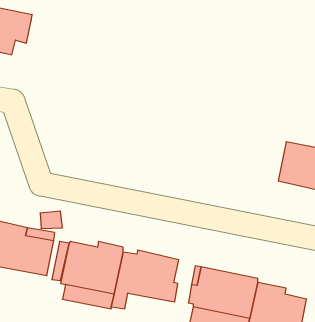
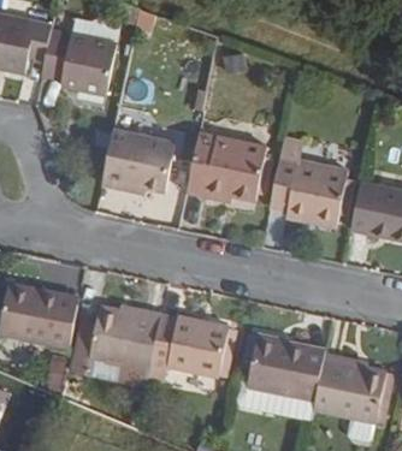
building: none -> [40,32,116,95]
building: none -> [96,131,173,190]
building: none -> [185,135,265,201]
building: none -> [268,136,348,224]

